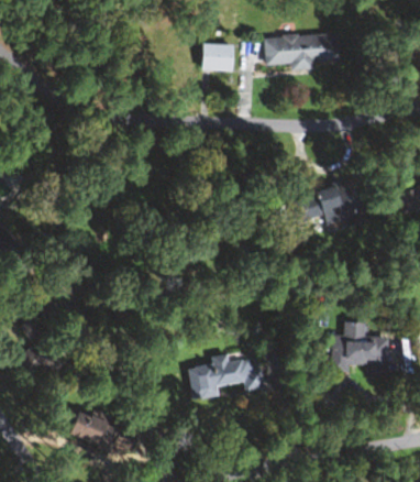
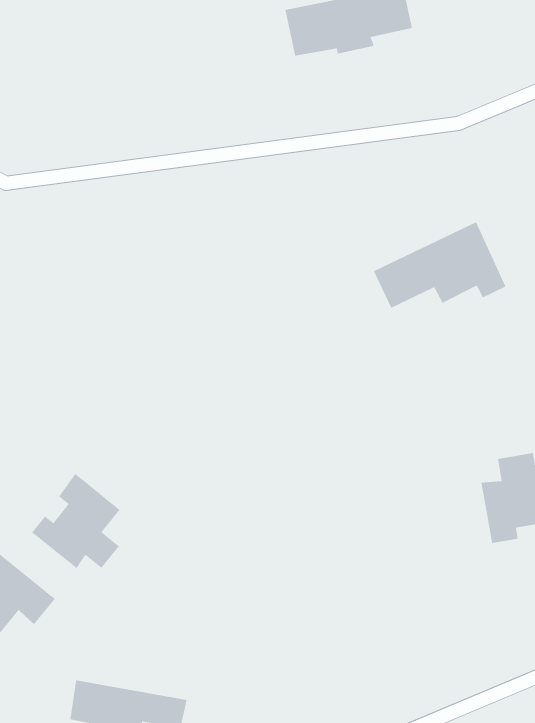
building: [201,44,232,70] -> none
building: none -> [31,473,121,569]
building: [190,354,266,399] -> none

